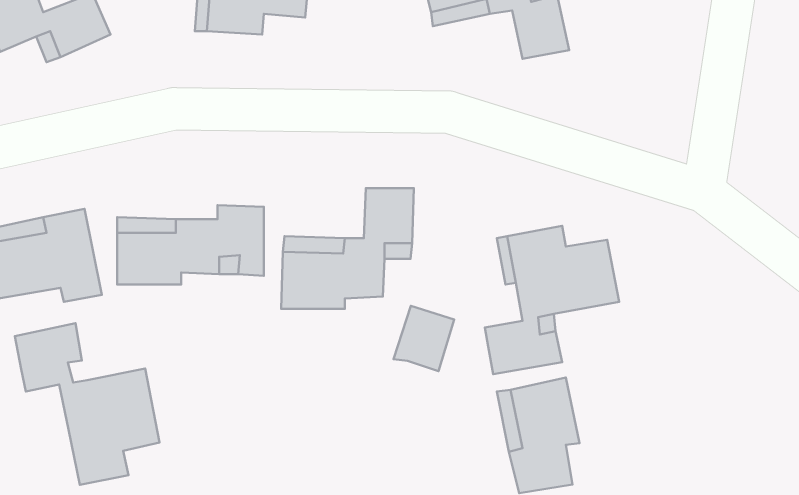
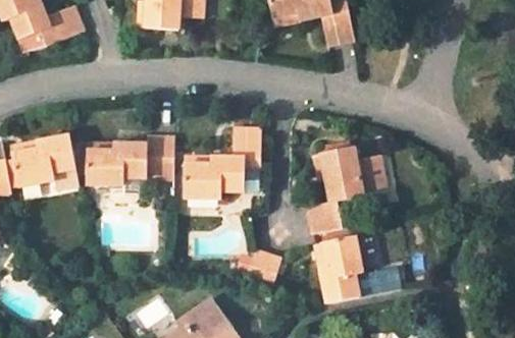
building: [394,306,454,371] -> [243,248,278,287]
building: [15,323,159,485] -> none

